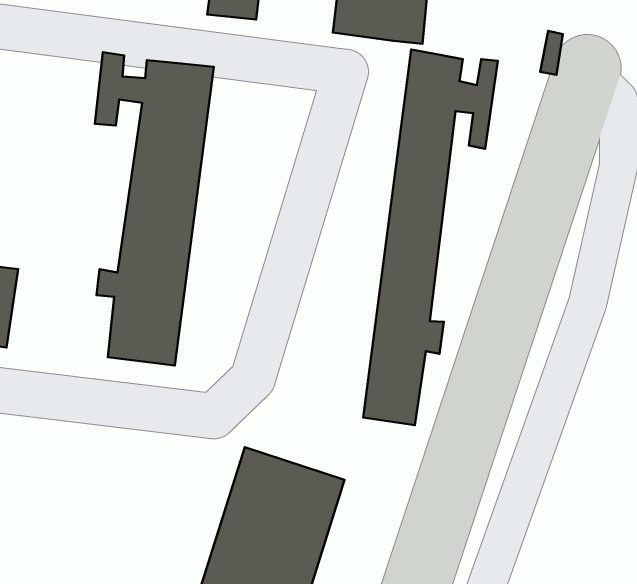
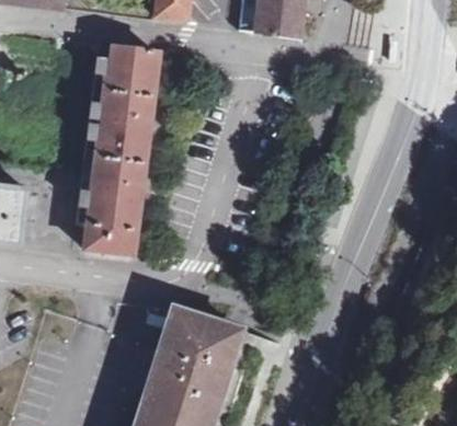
building: [363,50,498,425] -> none

